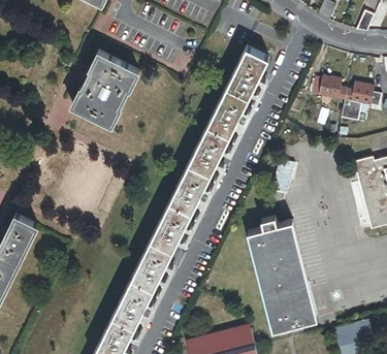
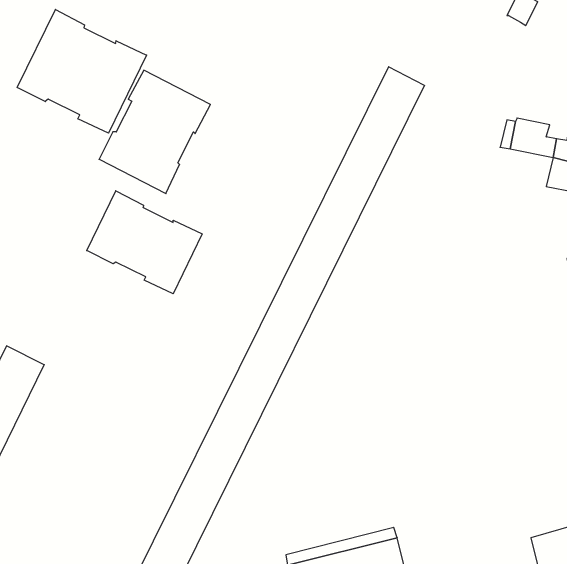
building: none -> [17,9,147,133]
building: none -> [87,191,202,294]
building: [247,222,318,331] -> none

